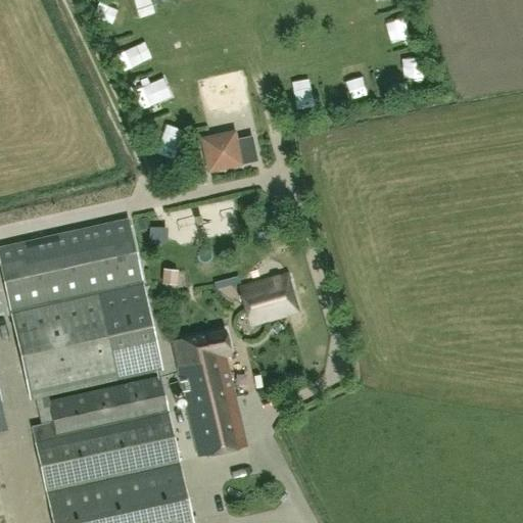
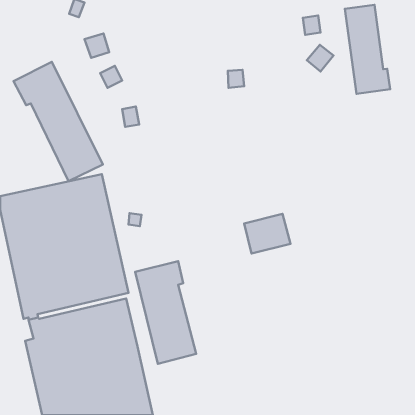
building: none -> [345,5,390,94]
building: none -> [13,62,103,181]
building: [203,132,257,171] -> none
building: [241,274,299,324] -> [244,214,291,254]

